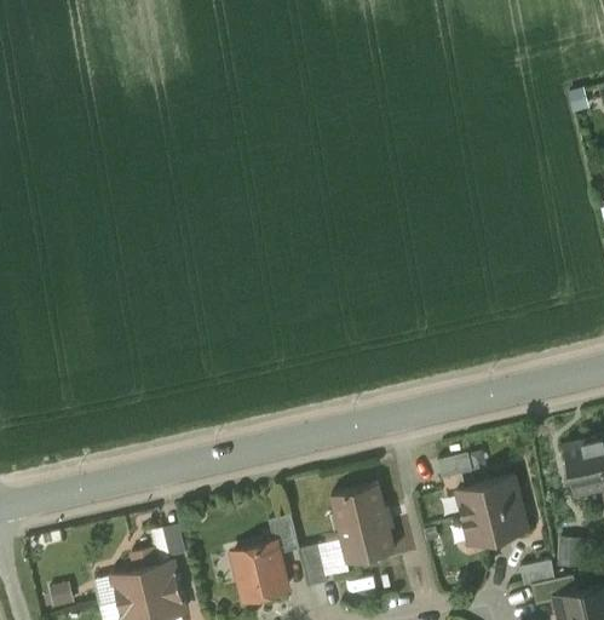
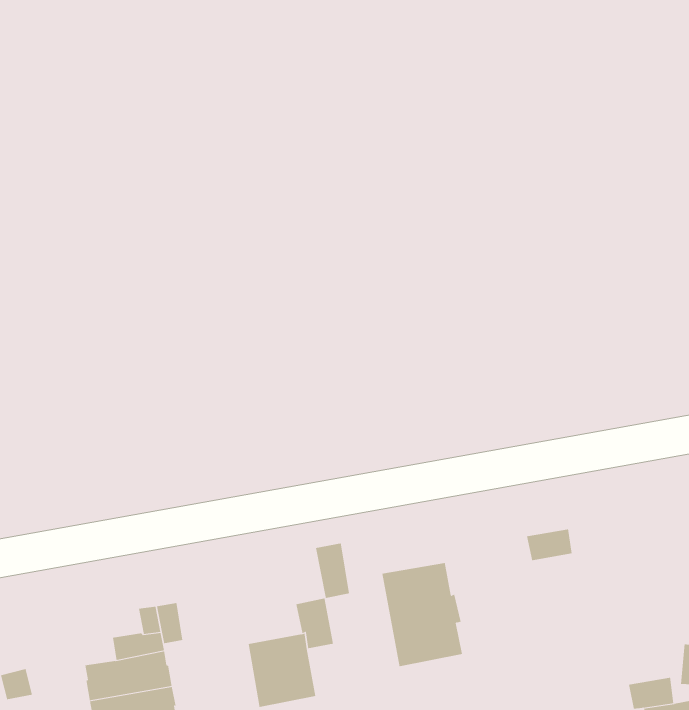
building: [458,478,527,547] -> none
building: [299,546,327,589] -> [315,543,350,599]

